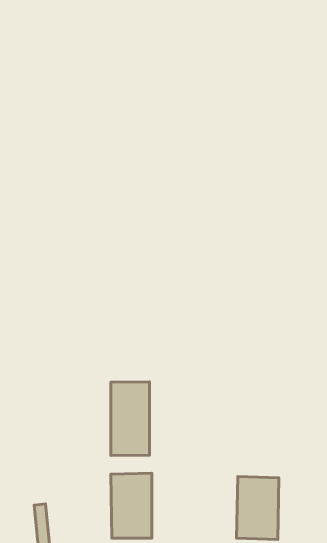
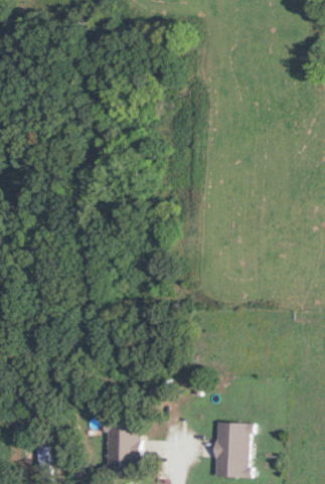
building: [111,382,149,456] -> none

